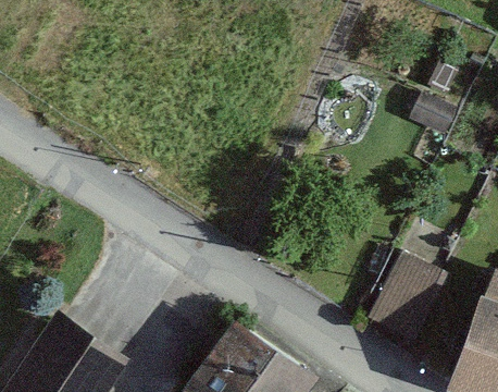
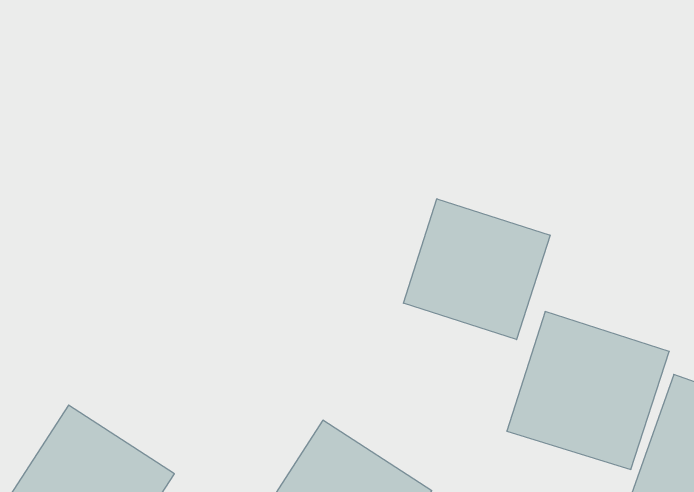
building: none -> [403,199,550,340]

